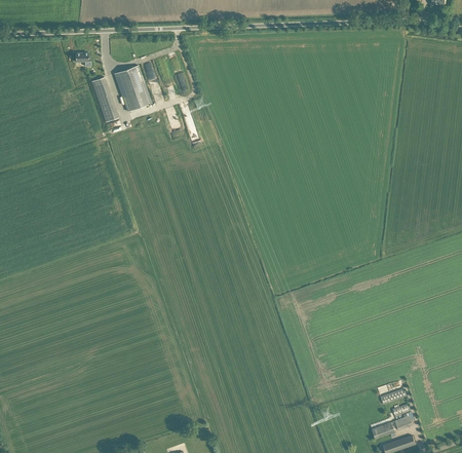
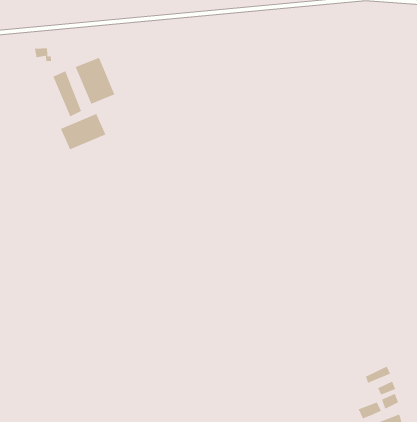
building: none -> [60,113,106,150]

